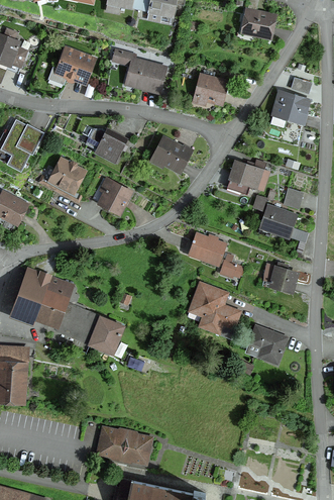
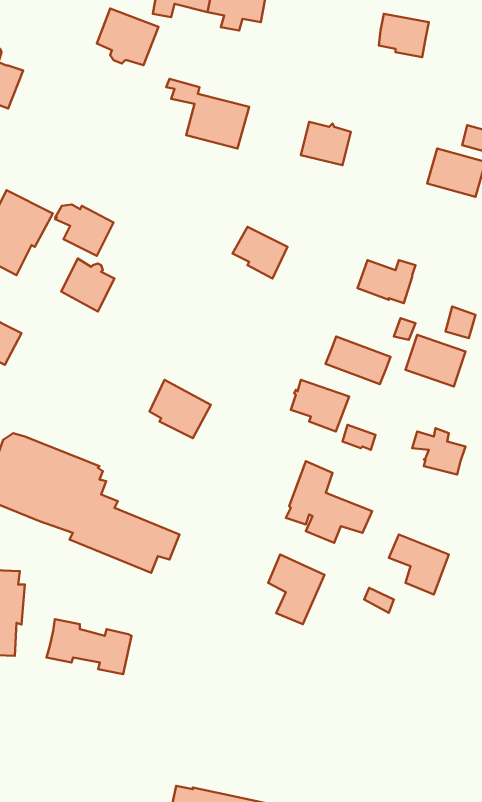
building: [57,48,94,83] -> [97,8,159,65]
building: [90,130,125,162] -> [55,204,113,256]
building: [93,178,130,213] -> [149,380,211,438]
building: none -> [326,336,391,384]
building: none -> [268,555,324,624]
building: [98,429,149,463] -> [47,619,131,674]

